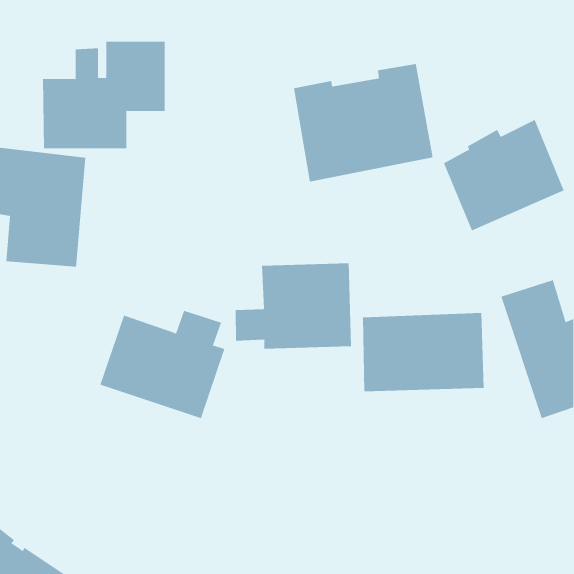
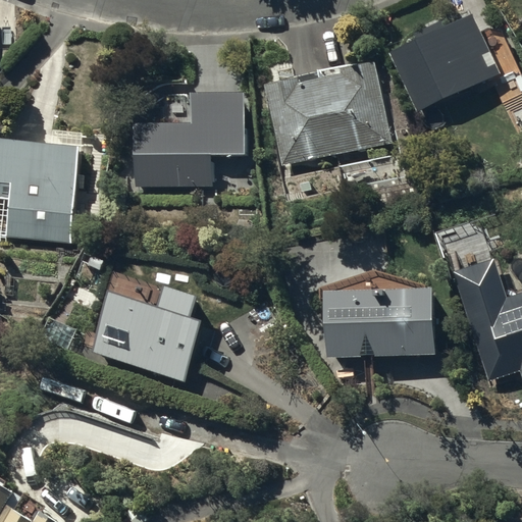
building: [42,41,166,149] -> [134,91,245,188]
building: [443,119,564,231] -> [392,11,501,112]
building: [235,262,351,350] -> none

